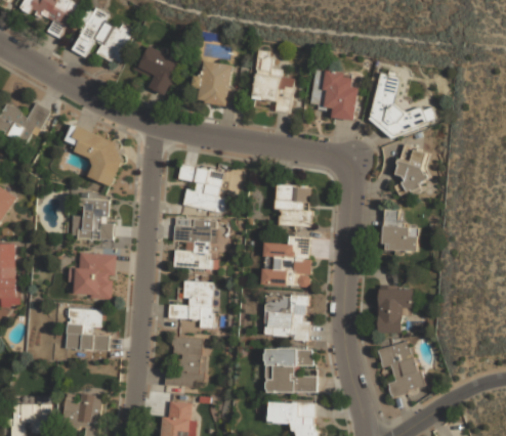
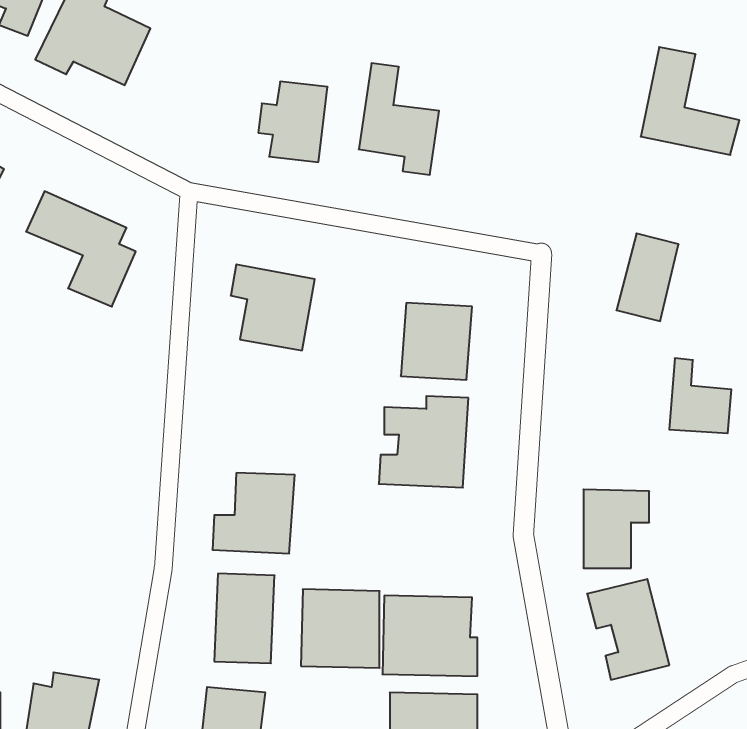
building: [133,43,181,94] -> none
building: [311,70,356,120] -> none
building: [369,73,424,133] -> [641,47,739,155]
building: [72,198,114,239] -> none
building: [382,210,417,252] -> [669,358,731,433]
building: [172,217,214,269] -> none
building: [73,253,114,299] -> none
building: [263,295,307,339] -> [301,589,380,668]
building: [65,308,109,350] -> none

